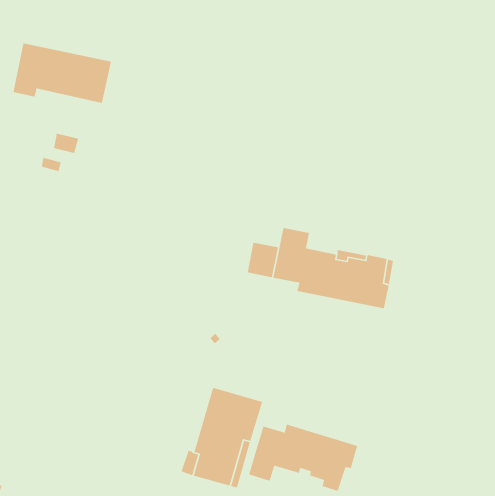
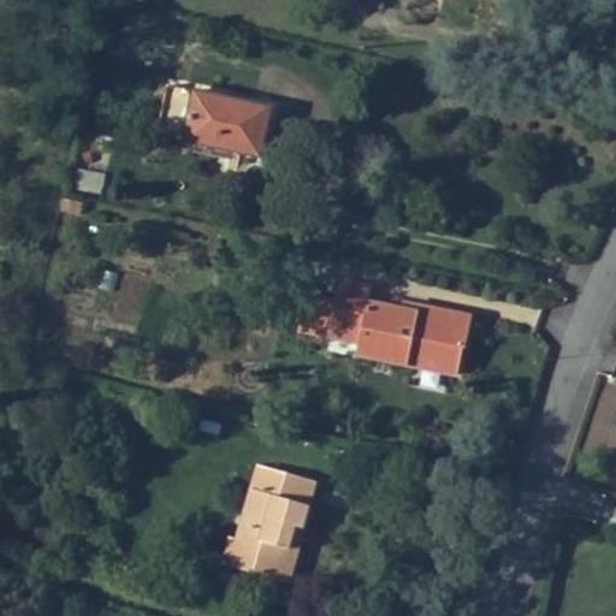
building: [12,43,112,104] -> [155,84,271,155]
building: [248,424,358,492] -> none

